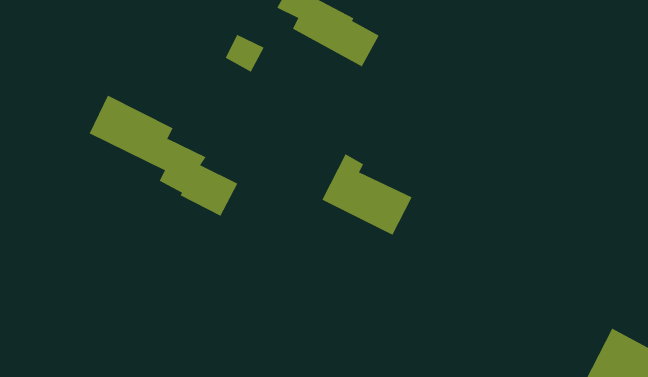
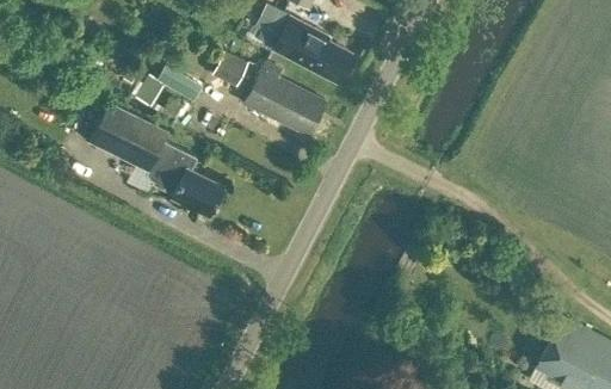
building: none -> [137,66,203,106]
building: [322,154,413,236] -> [245,61,327,135]

